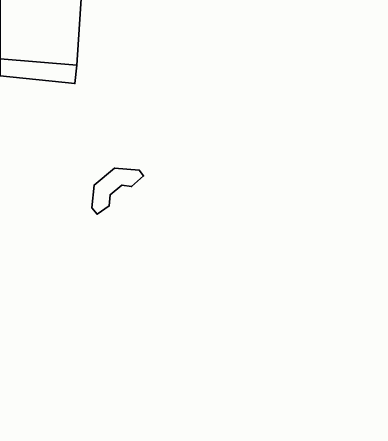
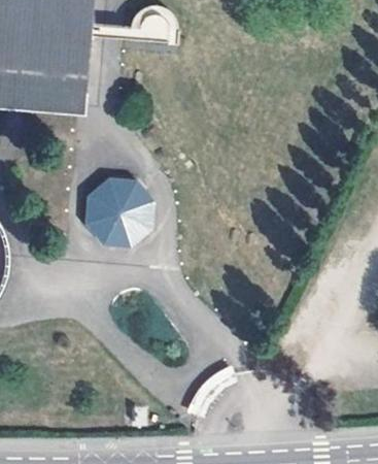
building: none -> [94,198,147,248]

